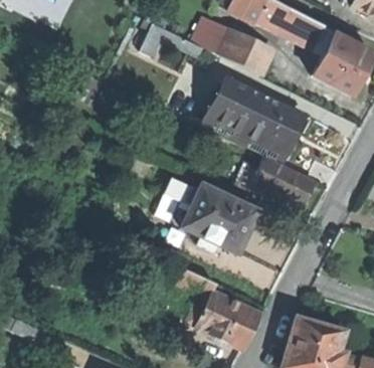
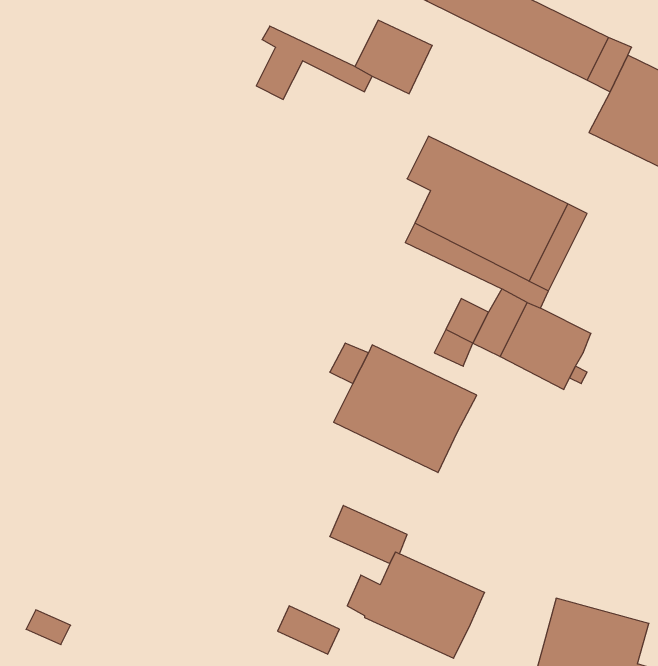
building: [219,30,271,74] -> none

